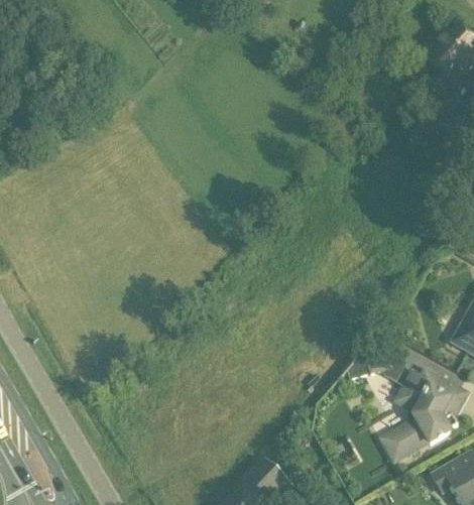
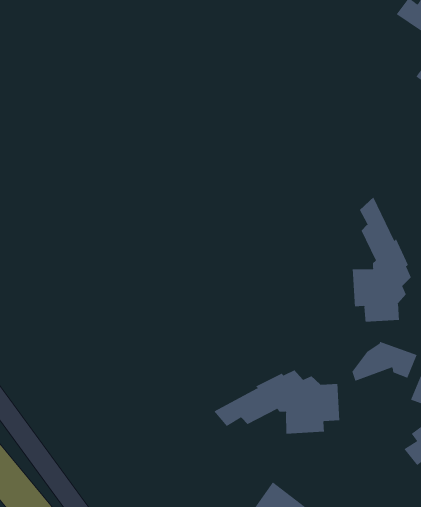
building: none -> [352,196,412,322]
building: none -> [213,370,340,435]

